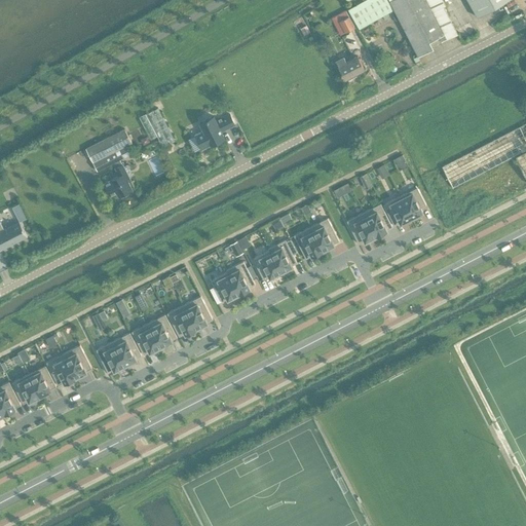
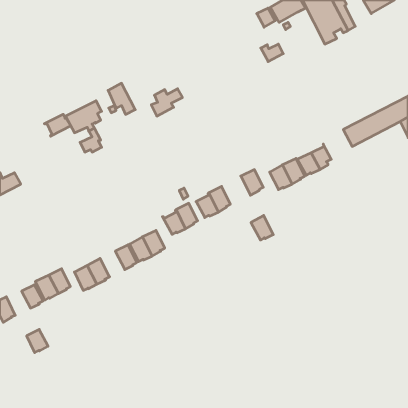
building: none -> [44,114,71,136]
building: [293,227,322,259] -> [251,215,273,240]
building: [130,324,160,355] -> none
building: [11,375,39,405] -> [27,329,48,353]

